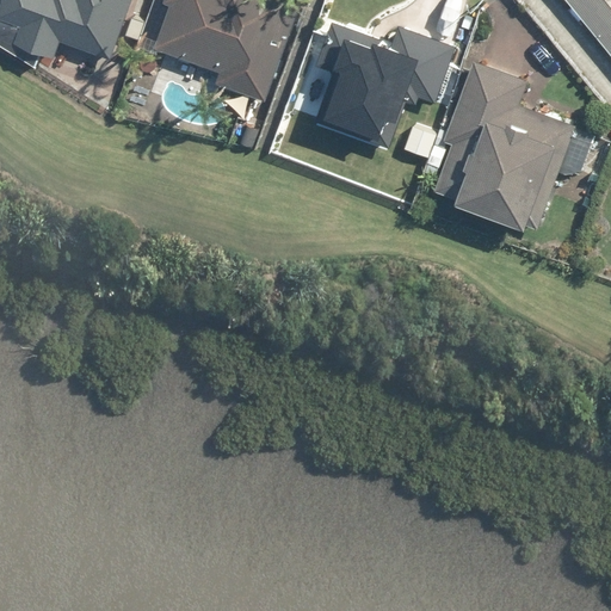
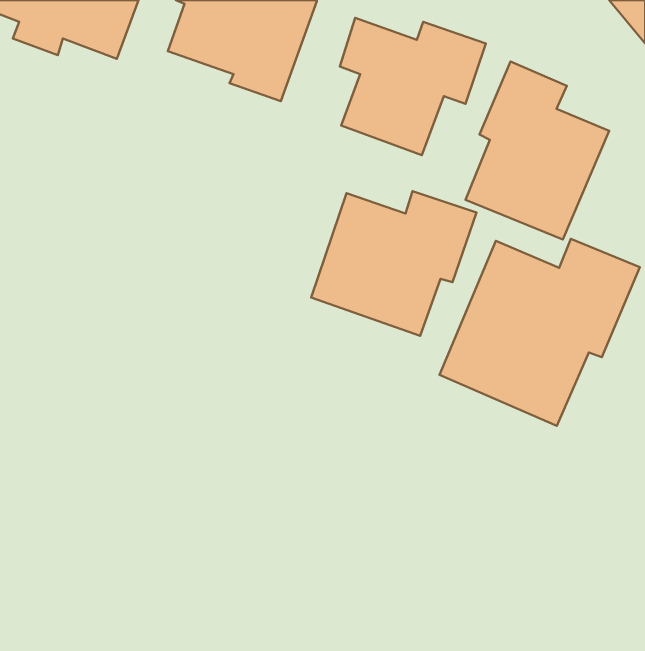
building: none -> [311,191,476,336]
building: none -> [440,239,640,426]

